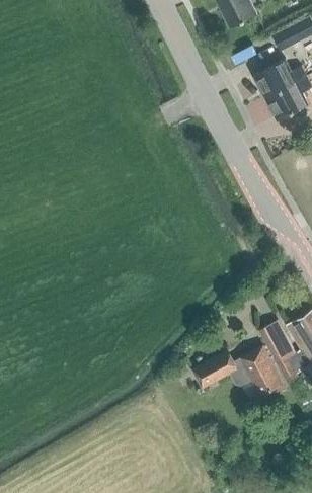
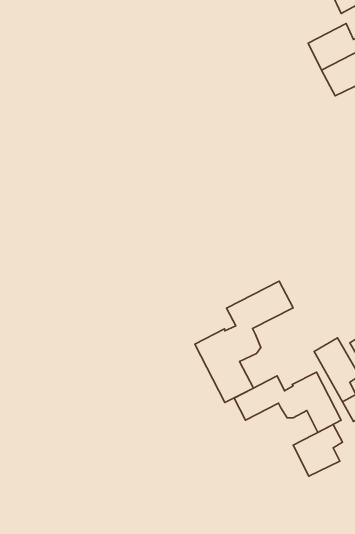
building: none -> [195,281,293,403]
building: none -> [293,425,342,476]

